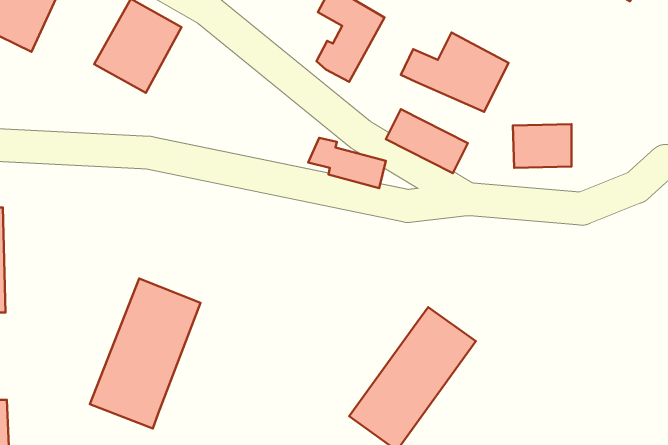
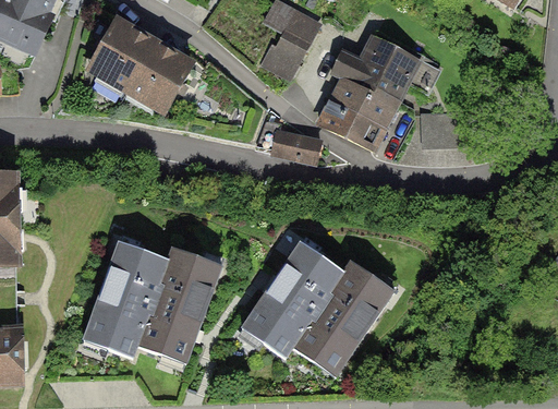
building: none -> [126,35,196,110]
building: none -> [330,79,397,128]
building: none -> [241,241,343,356]
building: none -> [136,244,219,361]

